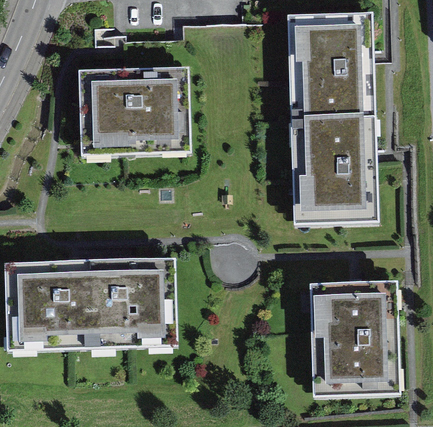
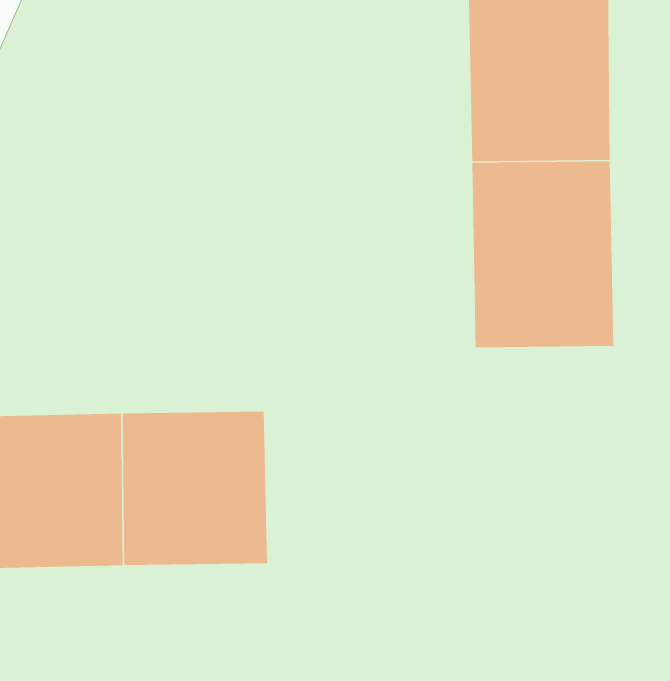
building: [78,65,188,156] -> none
building: [309,281,400,398] -> none

